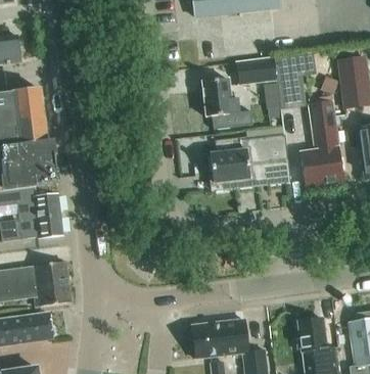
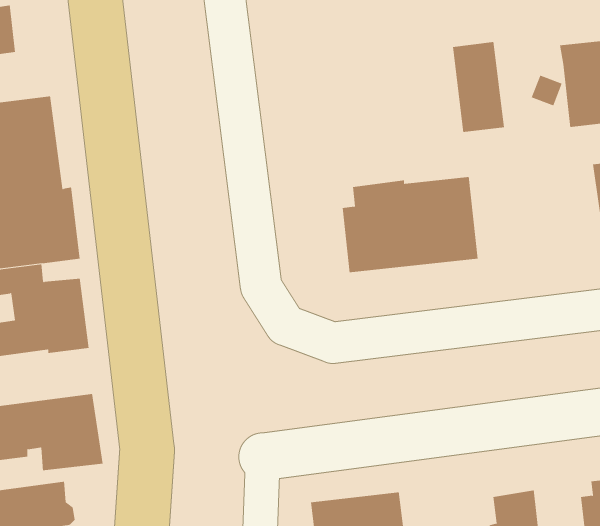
building: [236,56,275,83] -> none
building: [201,78,252,128] -> none
building: [299,100,343,185] -> none

